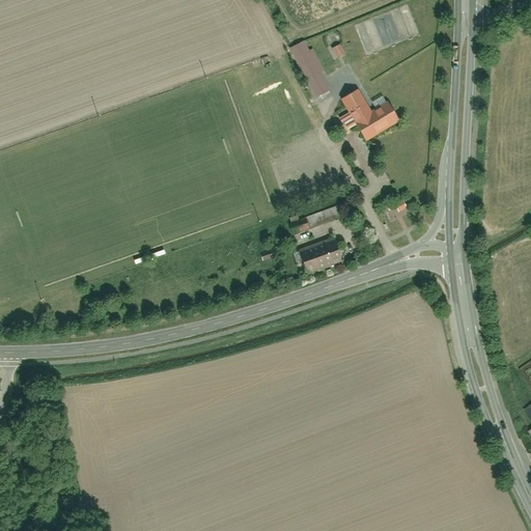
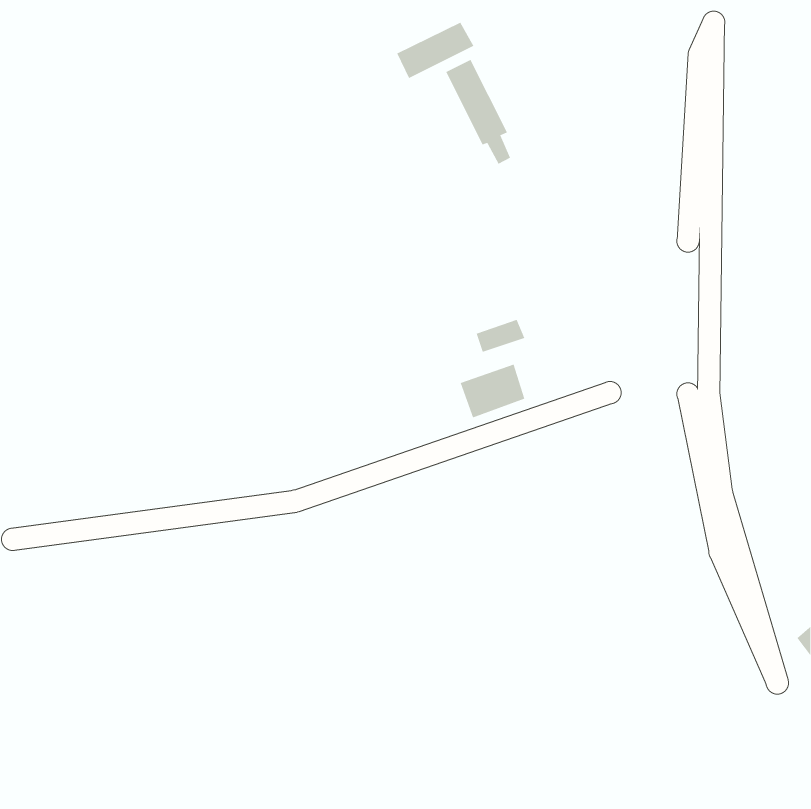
building: none -> [397,22,474,79]
building: [341,87,399,139] -> none

